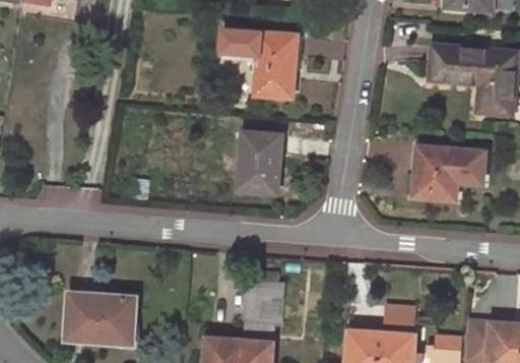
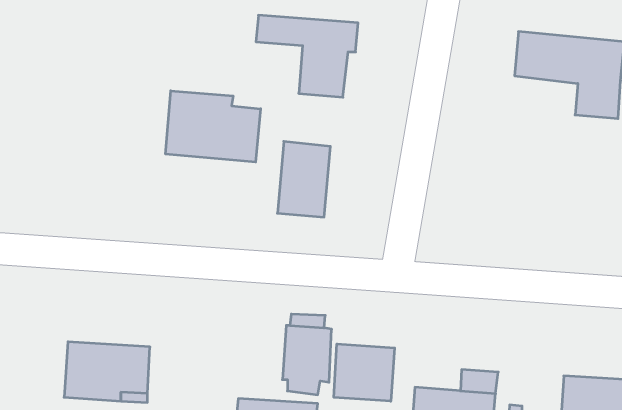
building: none -> [166,91,261,162]
building: [414,147,484,200] -> none
building: none -> [334,344,395,401]

